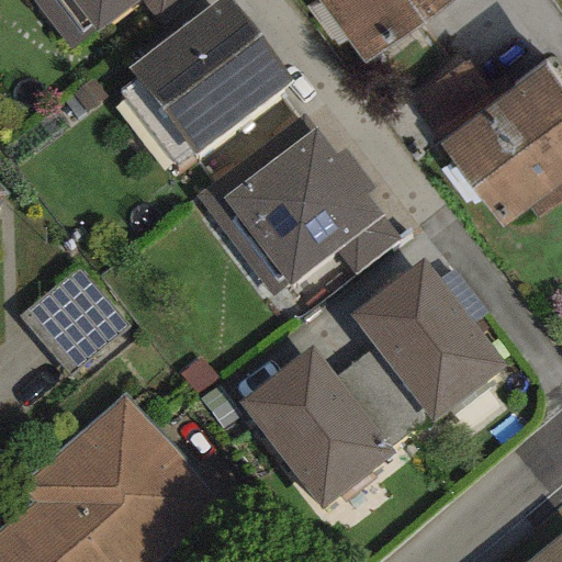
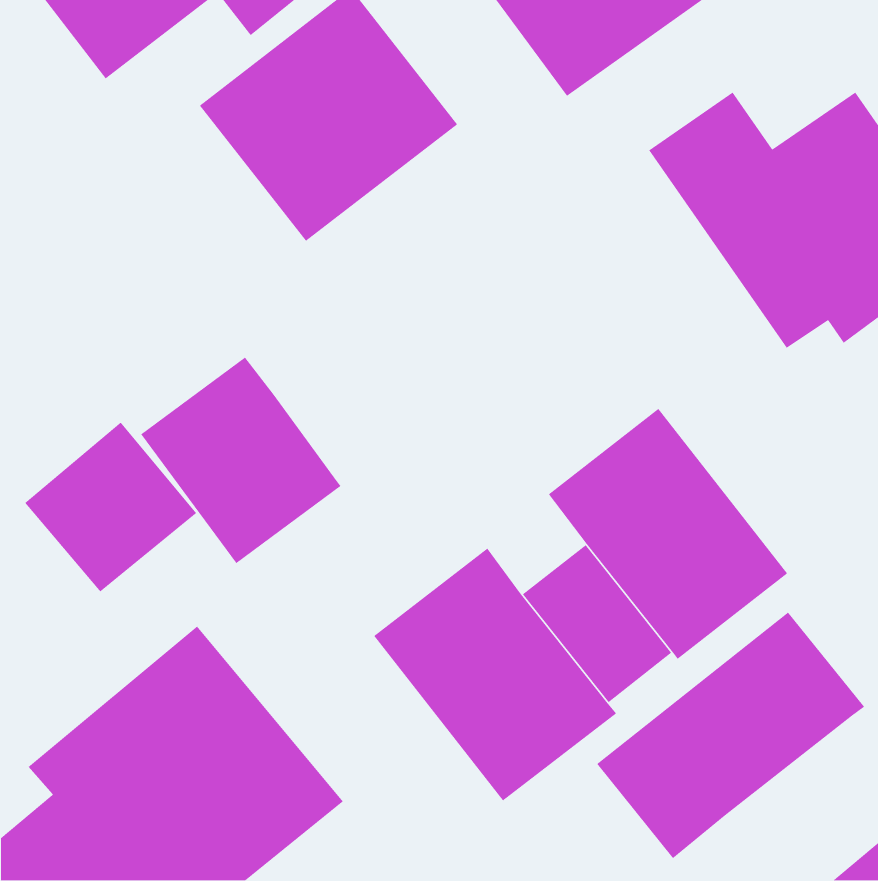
building: [192,111,401,299] -> none
building: none -> [140,356,341,564]
building: none -> [596,611,865,859]

